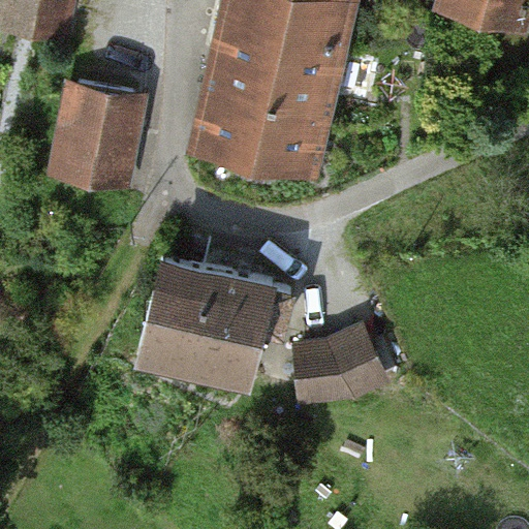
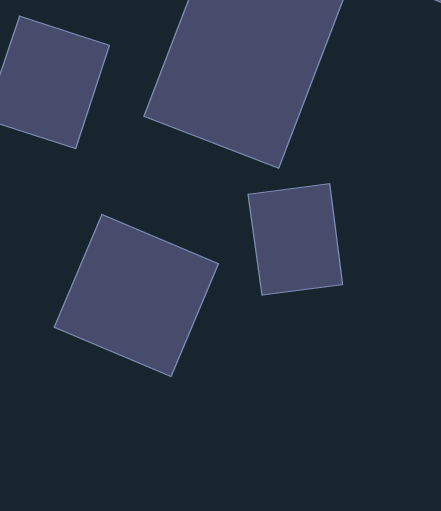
building: none -> [248,184,342,295]
building: [291,329,390,404] -> none

